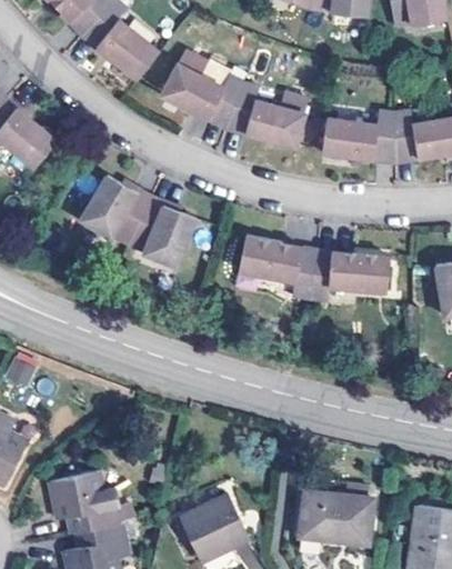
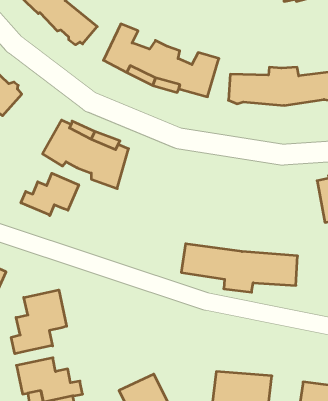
building: [239,231,388,293] -> [181,244,298,292]
building: none -> [21,173,79,216]
building: none -> [11,290,67,354]

